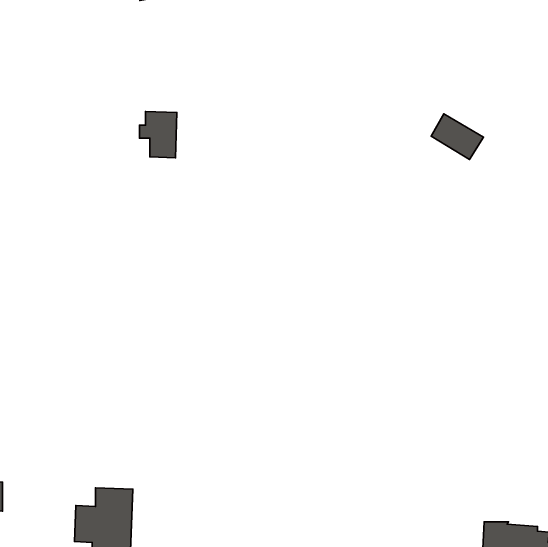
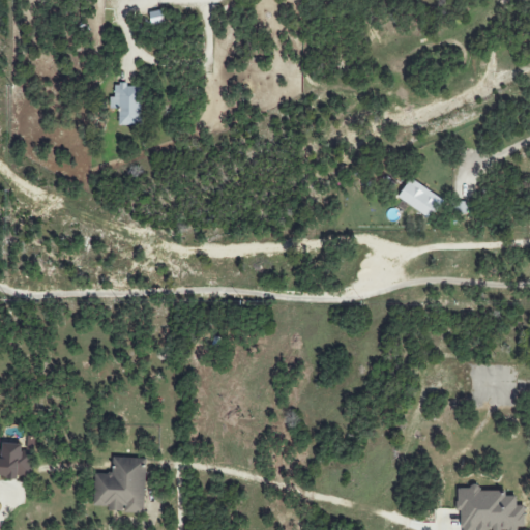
building: [140,111,177,158] -> [109,84,142,125]
building: [431,114,483,159] -> [398,178,444,218]

